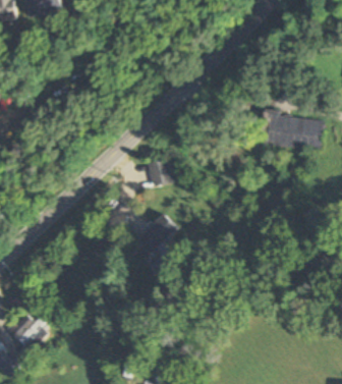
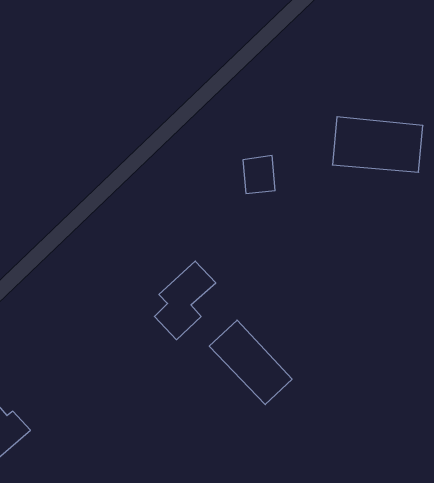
building: [149,160,171,186] -> [243,156,275,193]
building: none -> [209,320,292,405]

